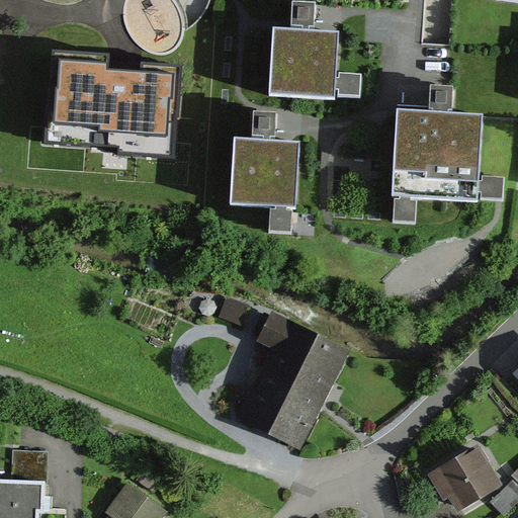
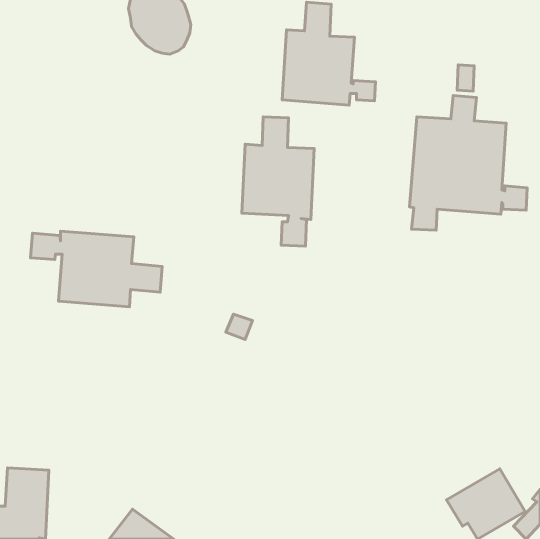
building: [46,48,179,154] -> none
building: none -> [31,231,162,307]
building: [238,317,345,447] -> none

